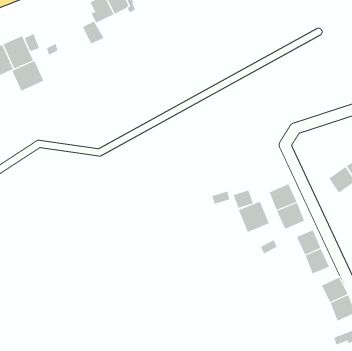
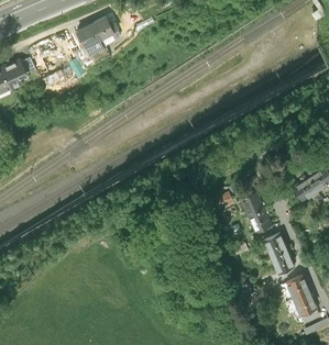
building: [12,60,44,92] -> none
building: [238,201,270,233] -> none

